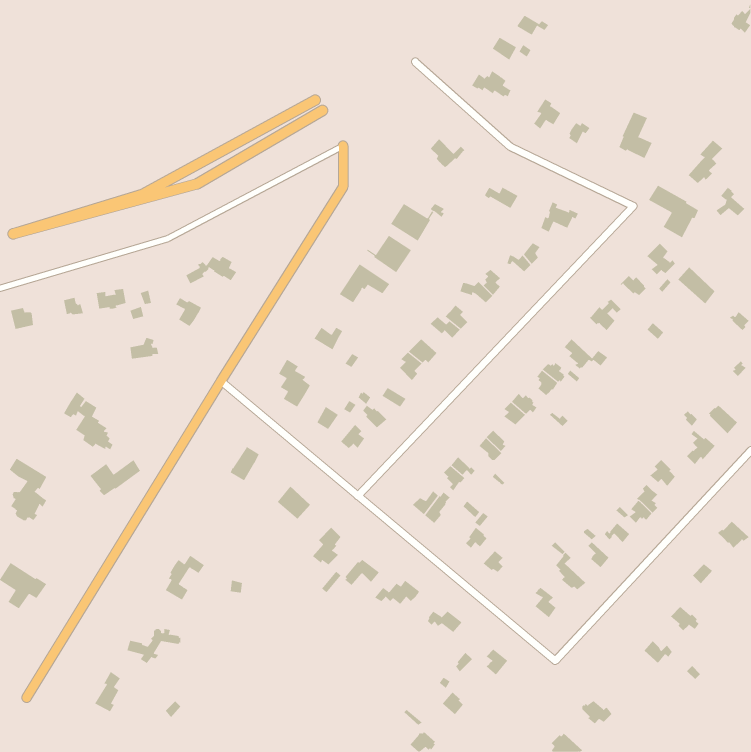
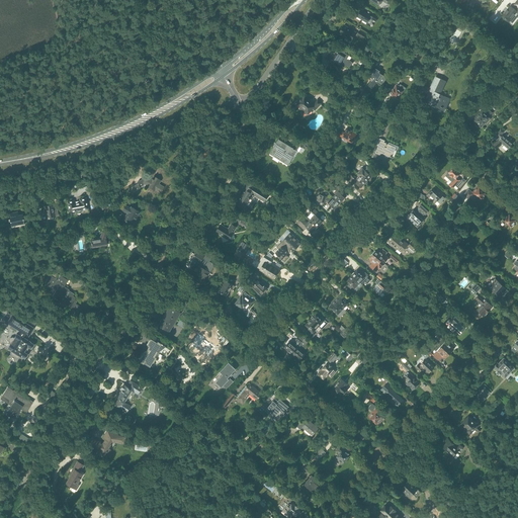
building: [648,185,699,238] -> none
building: [366,235,412,273] -> none
building: [89,459,141,496] -> none
building: none -> [138,339,168,367]

